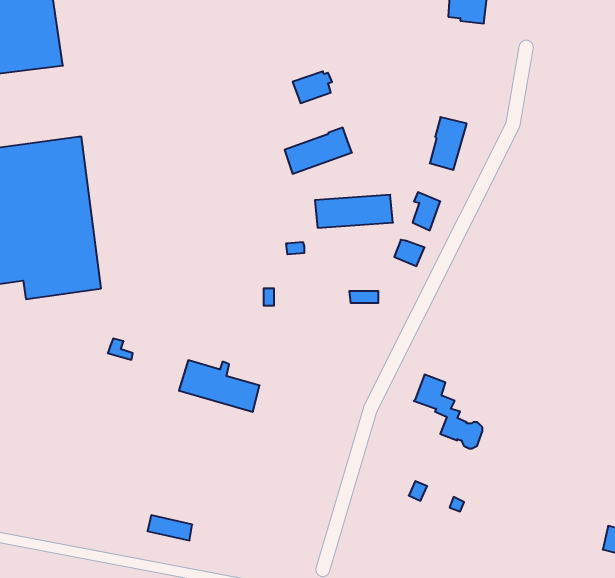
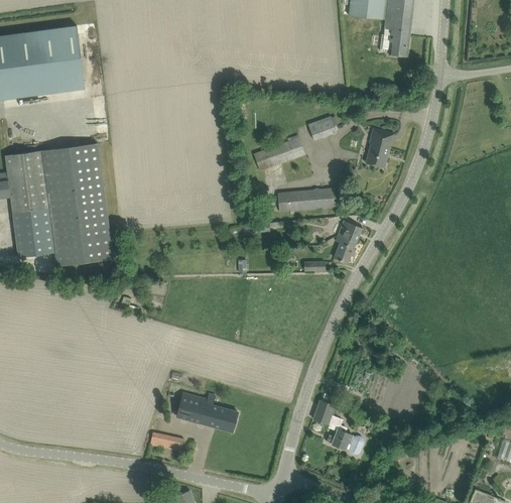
building: [293,71,332,103] -> [307,116,338,140]
building: [413,192,440,230] -> [334,235,355,264]
building: [179,360,260,412] -> [175,393,237,432]
building: [414,375,482,448] -> [311,399,364,456]

